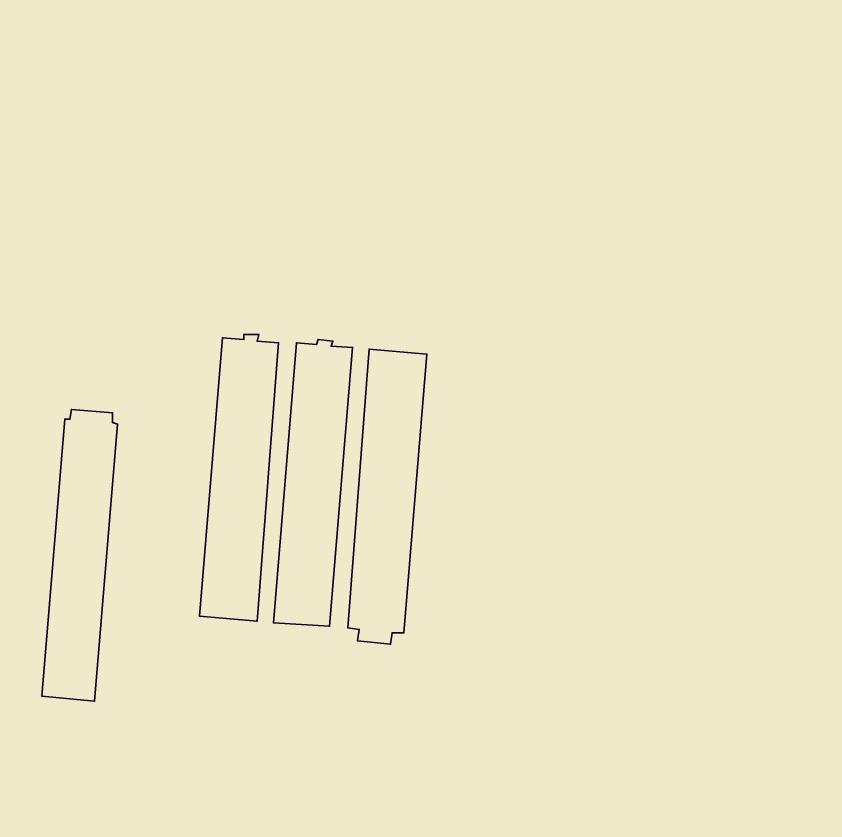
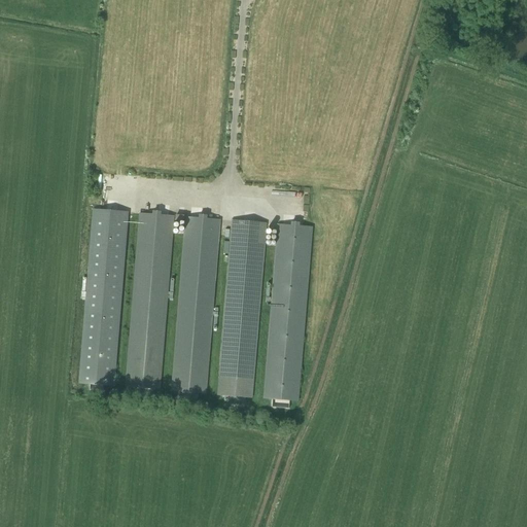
building: none -> [264,219,313,399]
building: [42,409,117,701] -> [81,202,129,384]

